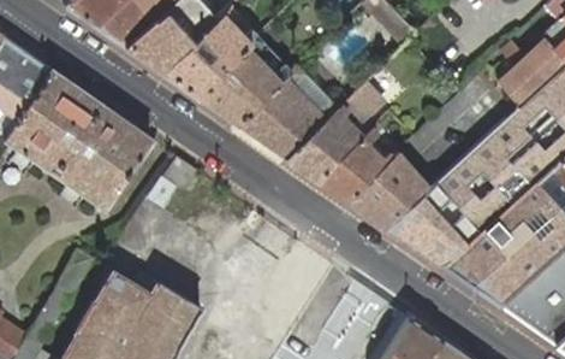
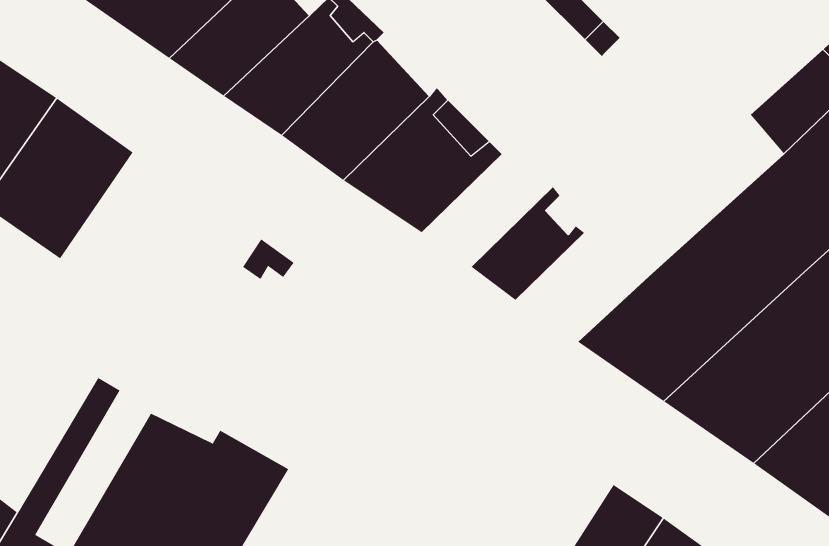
building: [285,83,377,178] -> none
building: [53,105,151,208] -> none
building: [345,151,430,226] -> none

